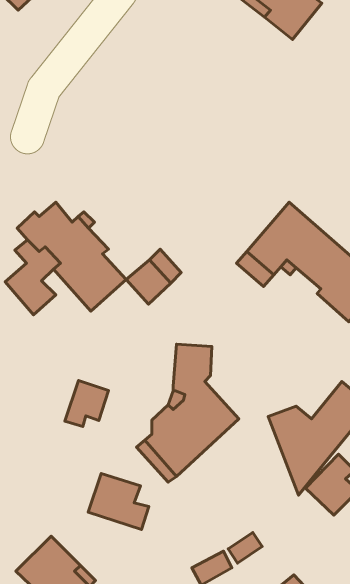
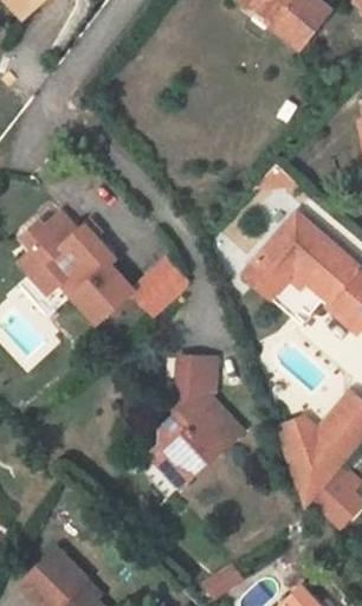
building: [65,380,108,427] -> none
building: [88,473,149,530] -> none

